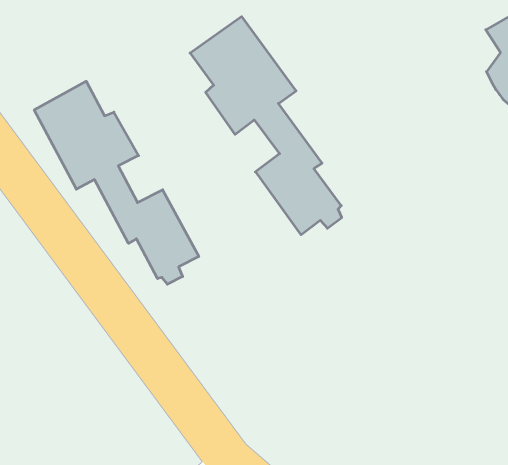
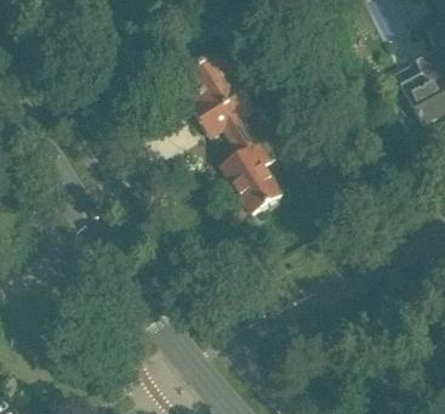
building: [34,81,199,284] -> none

